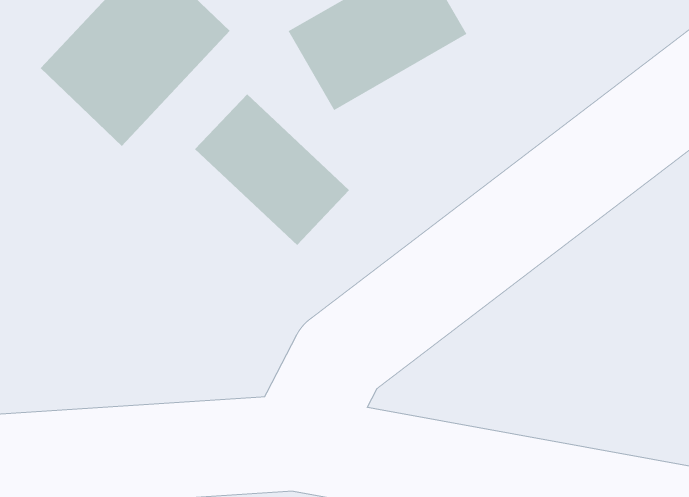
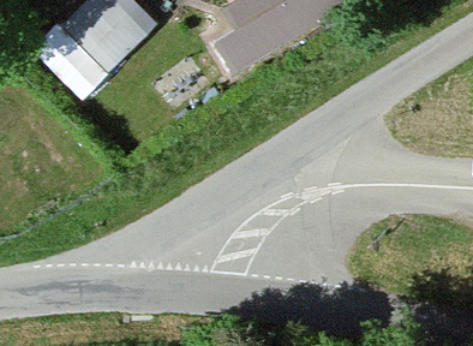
building: [194,93,350,246] -> none

